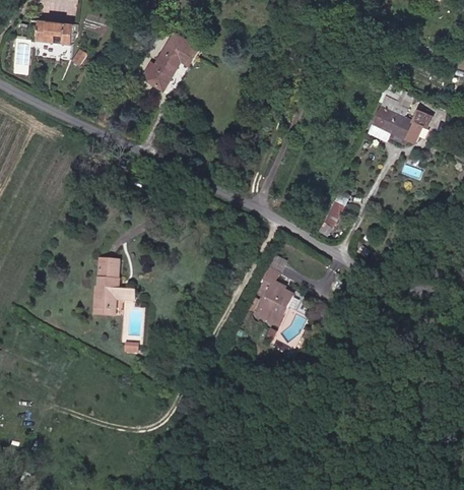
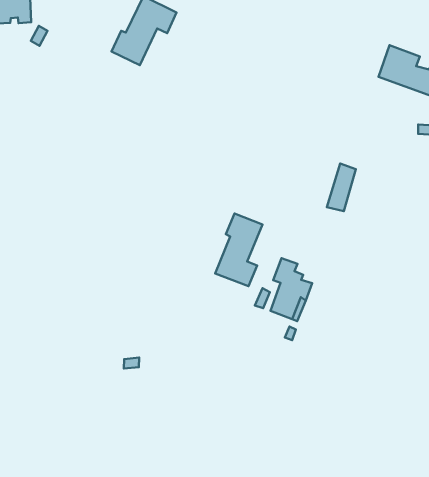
building: none -> [215,213,262,286]
building: [94,262,136,310] -> none

